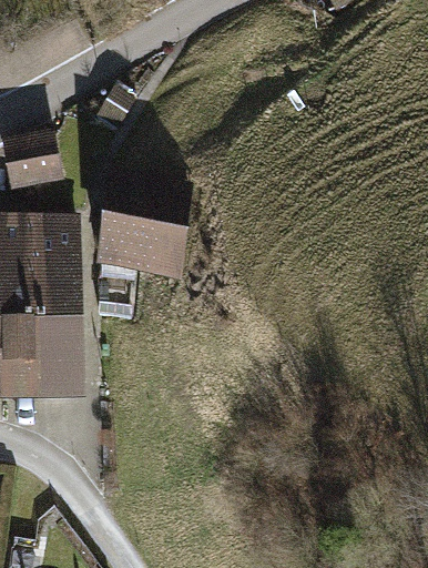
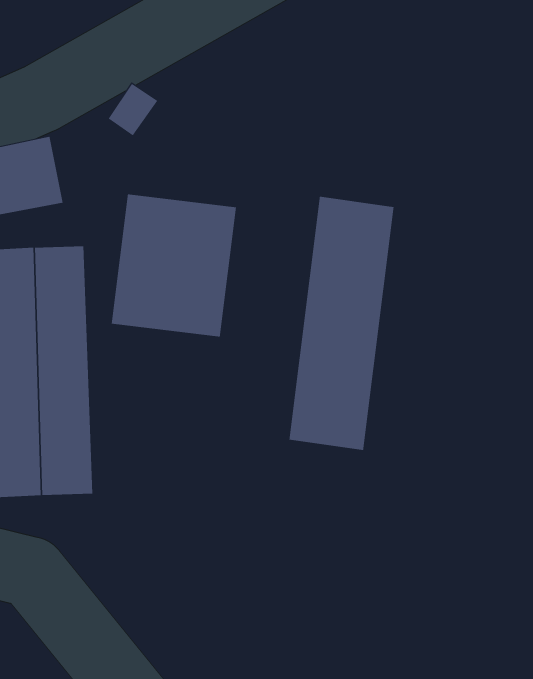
building: none -> [289,196,394,451]

